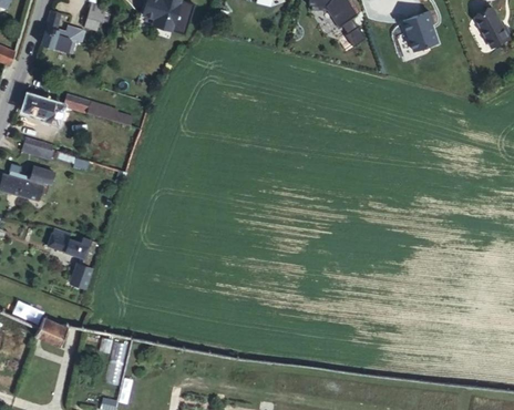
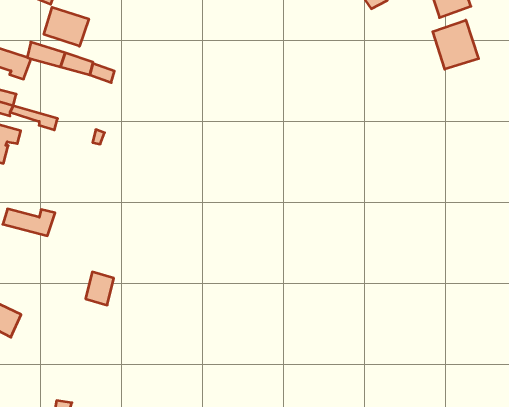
building: none -> [433,20,479,69]
building: none -> [44,7,89,46]
building: [68,263,91,290] -> [86,272,114,305]

